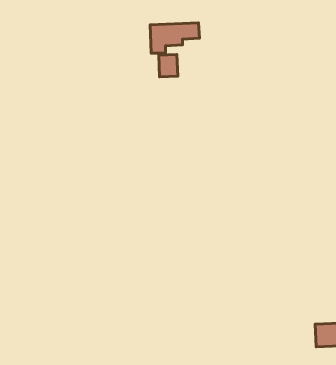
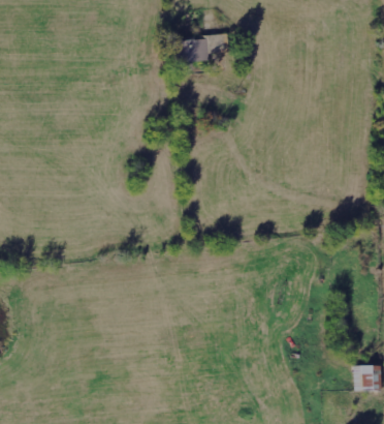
building: [159,55,178,77] -> none

